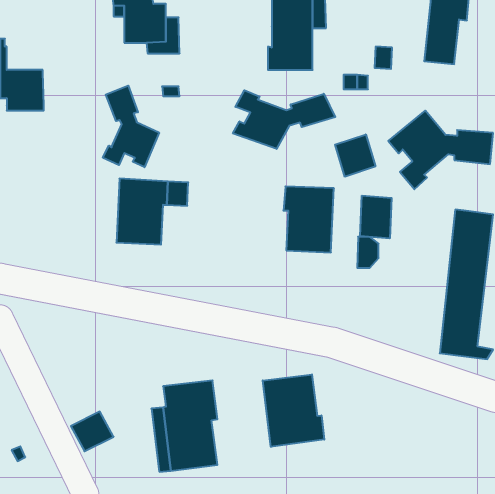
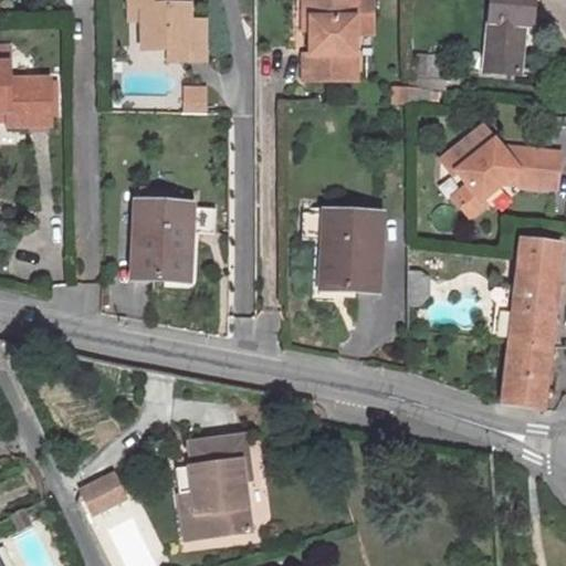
building: [103,86,159,167] -> none
building: [233,90,335,149] -> none
building: [335,134,375,177] -> none
building: [360,196,392,238] -> none
building: [263,374,324,447] -> none

